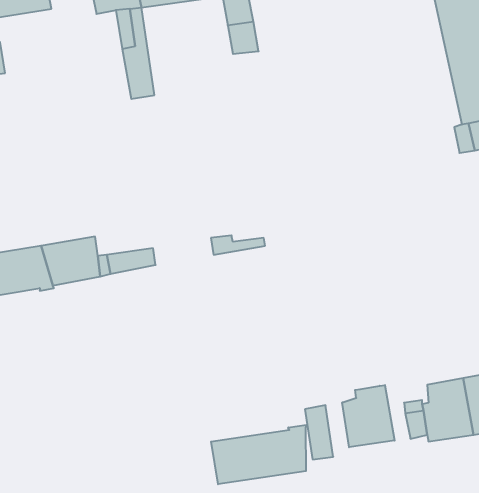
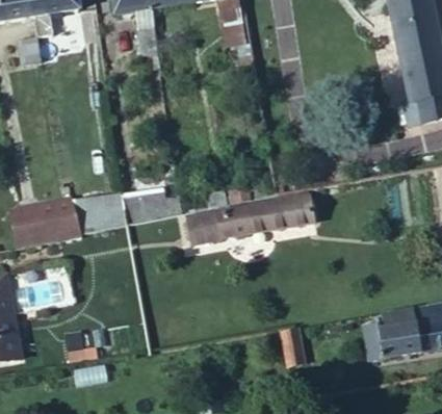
building: none -> [188,196,313,241]
building: [342,385,395,447] -> none
building: [211,425,306,484] -> none

